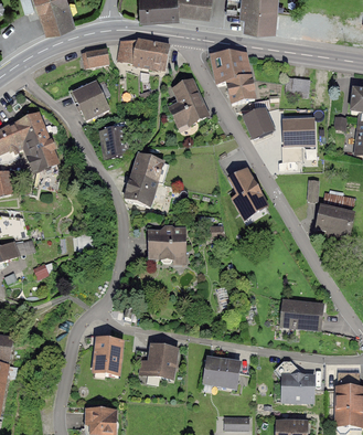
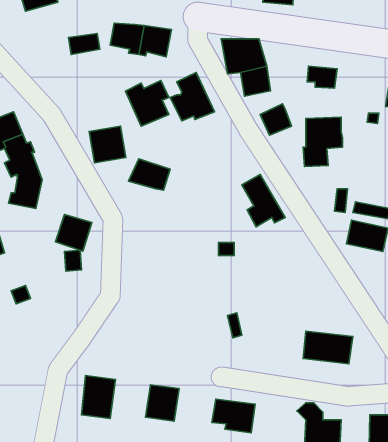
building: [73,79,109,118] -> [126,81,169,126]
building: [126,173,157,204] -> [55,215,92,251]
building: [150,226,184,266] -> none

